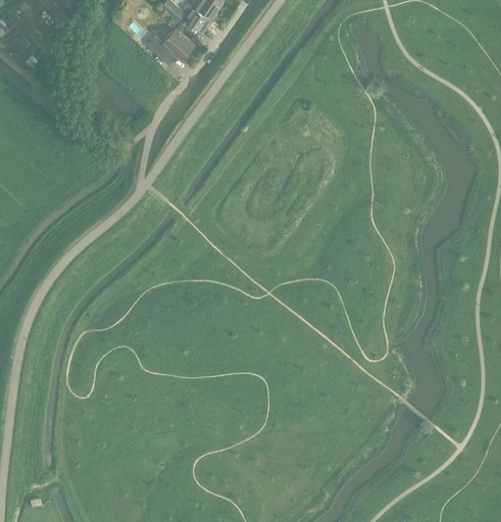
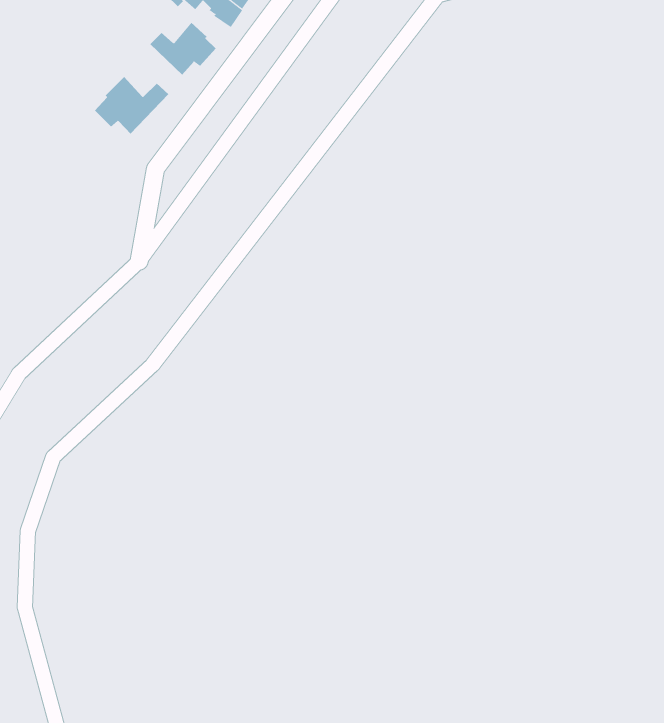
building: none -> [94,76,169,135]

